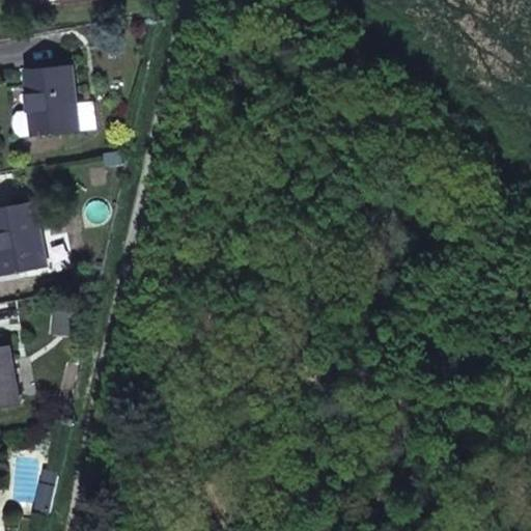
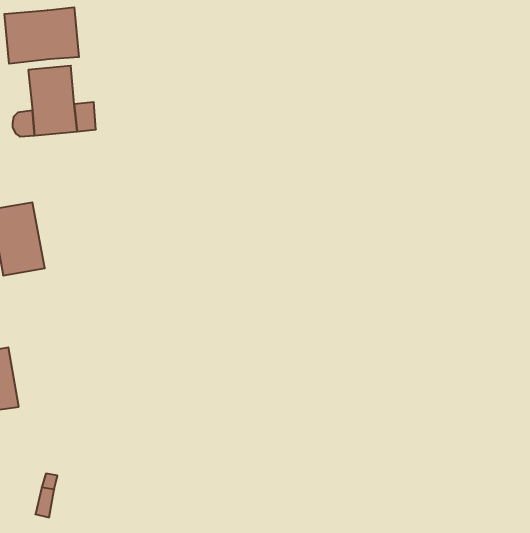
building: none -> [4,7,79,64]

